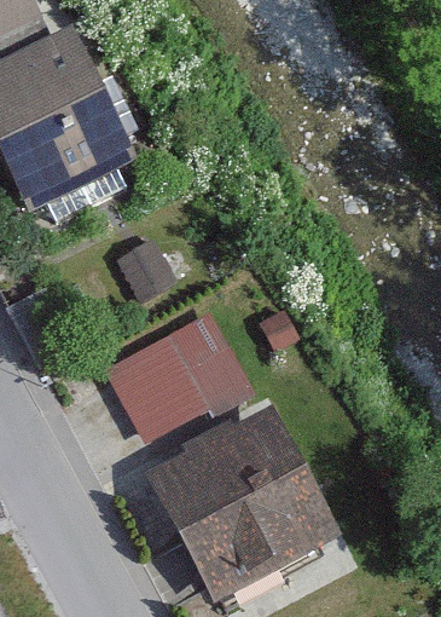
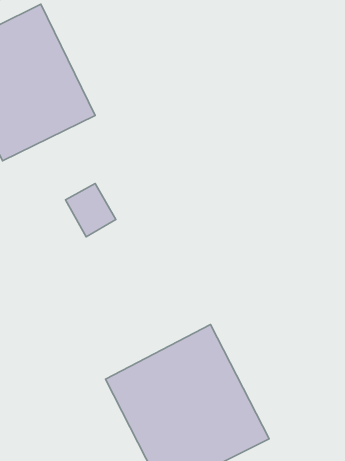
building: [101,313,237,438] -> none

